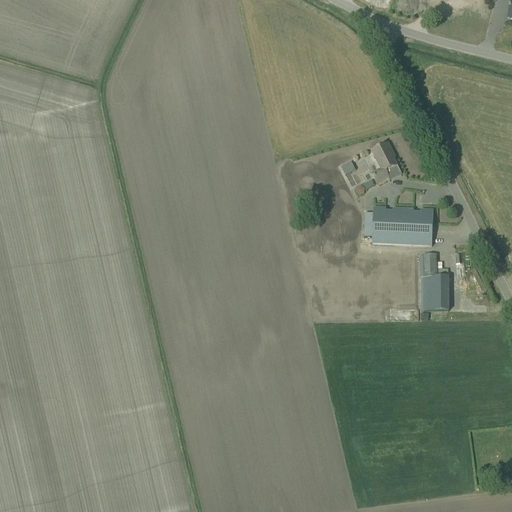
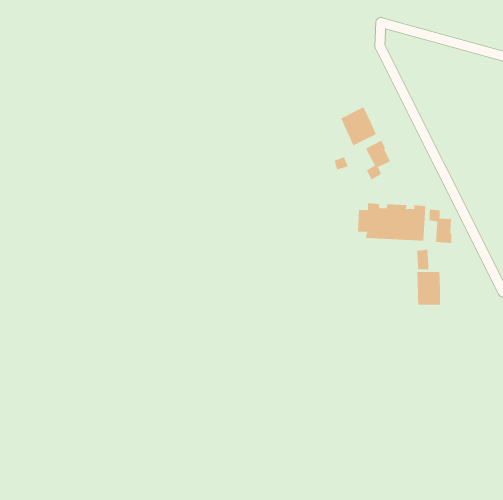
building: none -> [340,107,376,146]
building: none -> [429,209,452,244]

